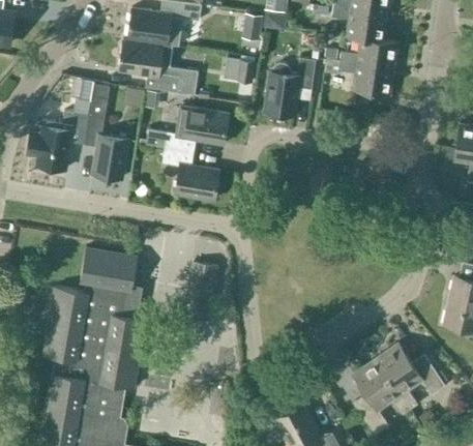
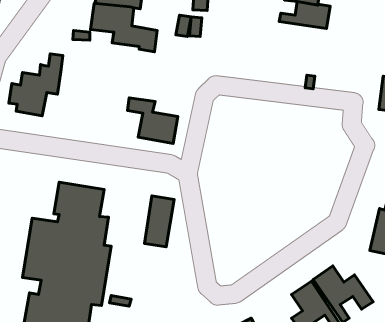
building: [263,58,315,116] -> none
building: [324,59,393,95] -> none
building: [83,84,128,179] -> none
building: [144,107,231,153] -> none

